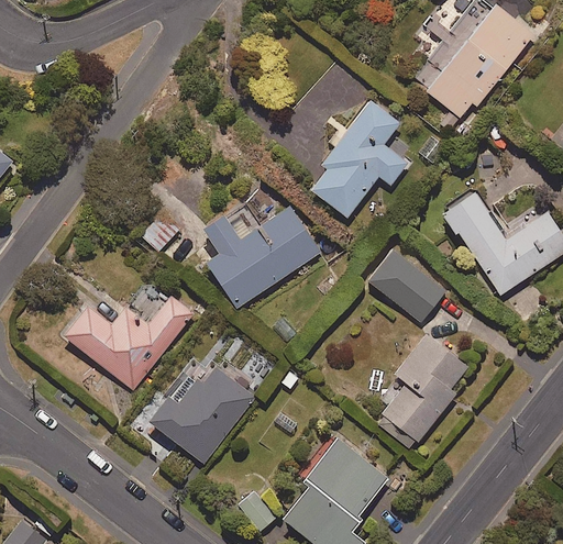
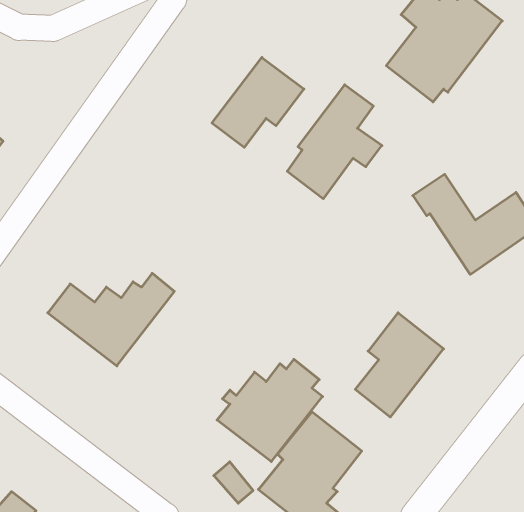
building: none -> [212,57,304,147]
building: [201,204,322,309] -> none
building: [368,248,446,322] -> none
building: [148,358,257,464] -> [217,359,323,462]

